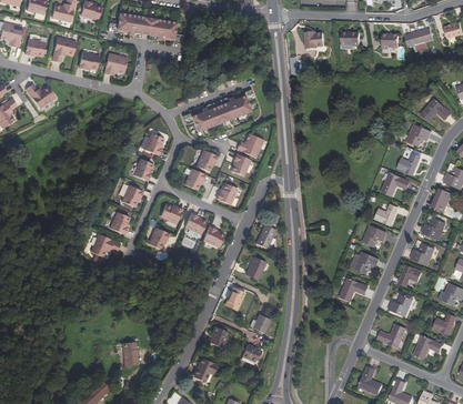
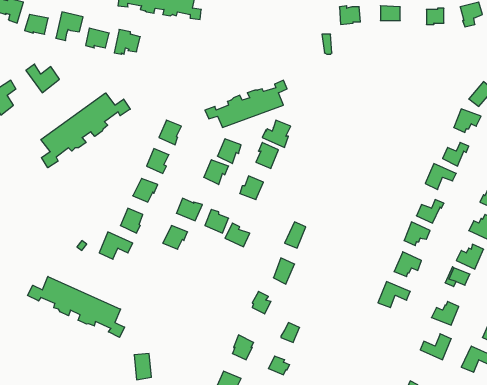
building: none -> [41,93,130,168]
building: none -> [28,276,125,337]

